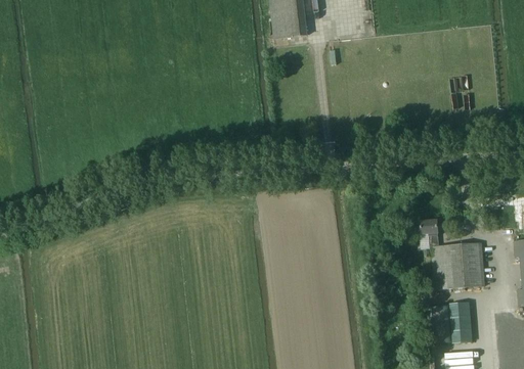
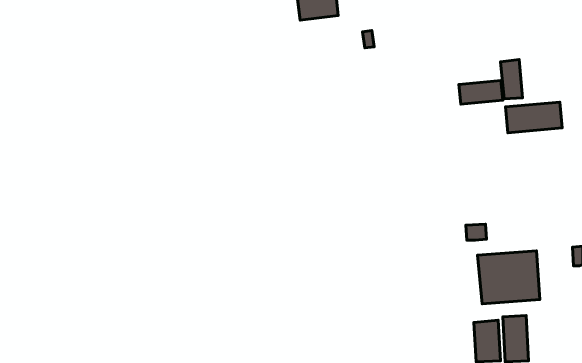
building: none -> [459,81,503,104]
building: none -> [505,102,562,133]

